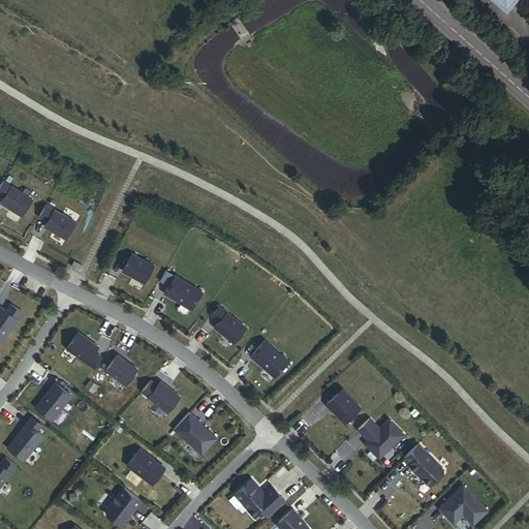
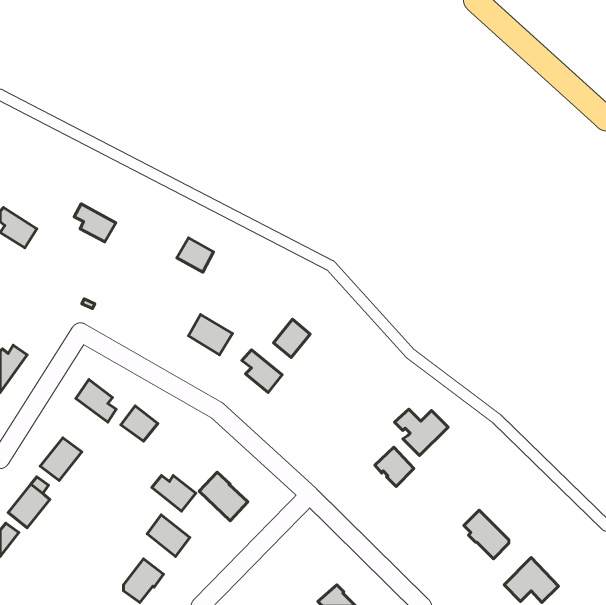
building: [38,206,74,239] -> [74,204,116,242]
building: [122,253,154,283] -> [177,238,214,272]
building: none -> [274,319,310,357]
building: [251,340,288,377] -> none
building: [142,381,180,412] -> [152,475,196,511]
building: [357,419,404,460] -> [395,409,448,456]
building: [236,483,286,519] -> none

